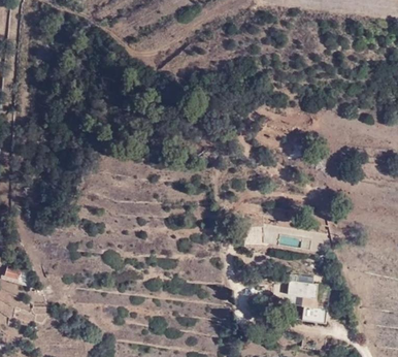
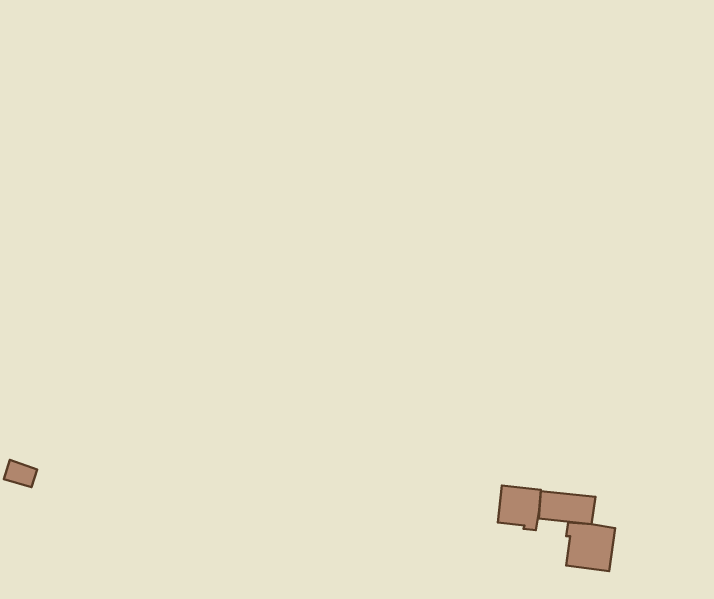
building: none -> [498,486,541,530]

